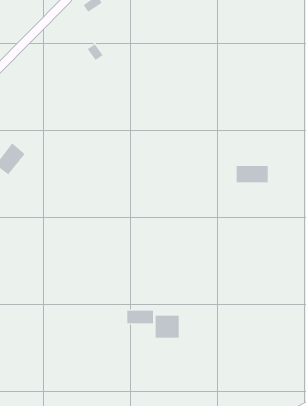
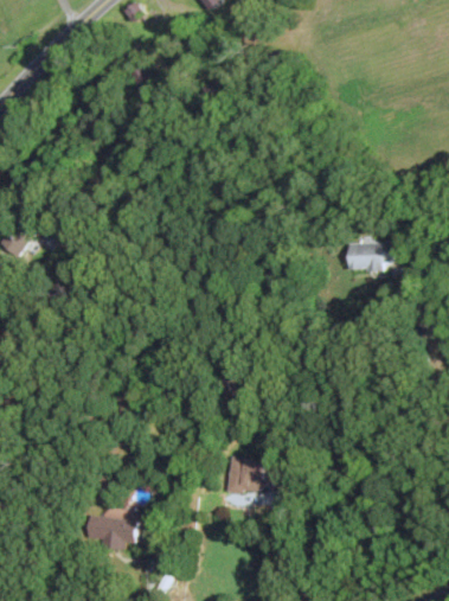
building: [127,310,153,324] -> none
building: none -> [89,517,137,548]

